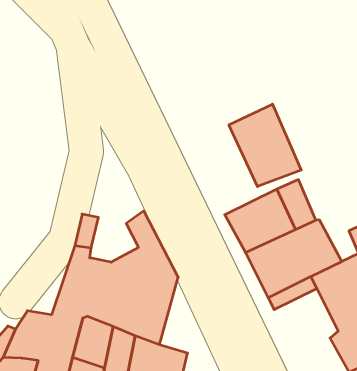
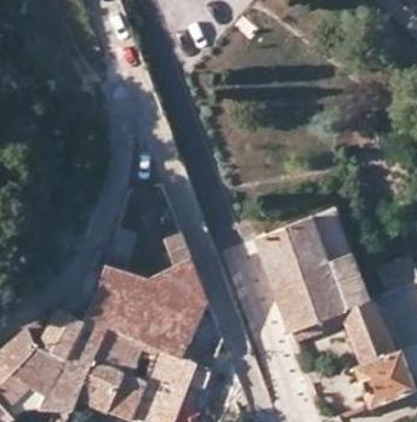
building: [229,104,301,187] -> none

